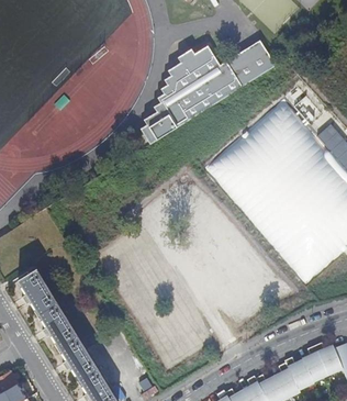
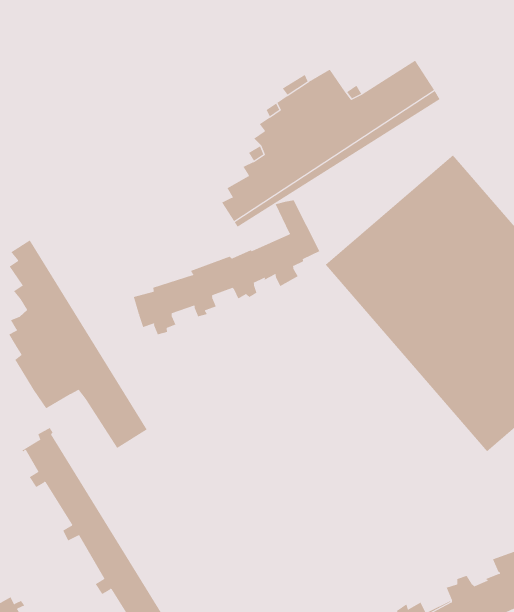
building: none -> [133,200,320,335]
building: none -> [8,239,148,449]

